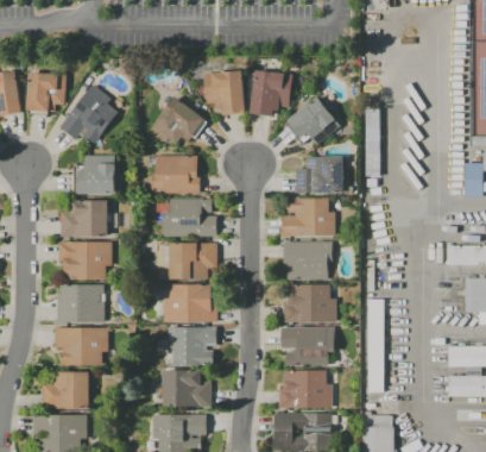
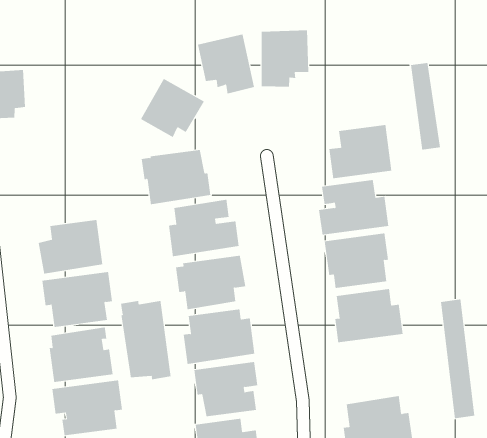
building: [57,82,116,145] -> none
building: [285,95,339,144] -> none
building: [77,156,115,194] -> none
building: none -> [121,300,171,380]
building: [280,326,334,364] -> none

